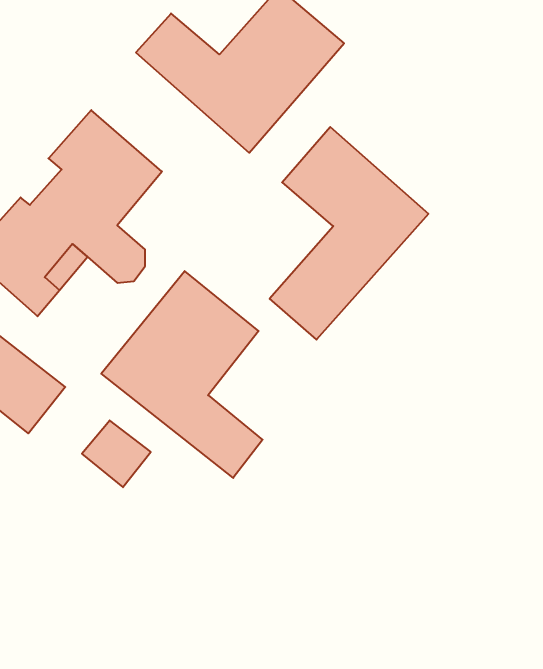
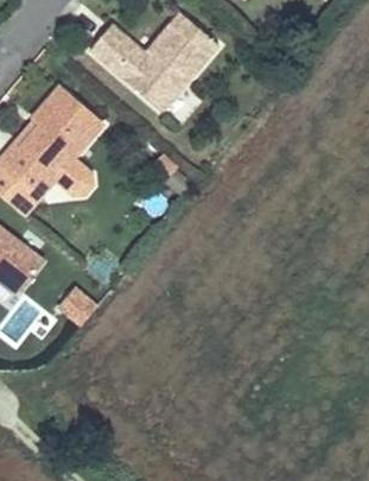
building: [270,127,428,340] -> none
building: [101,271,263,478] -> none

